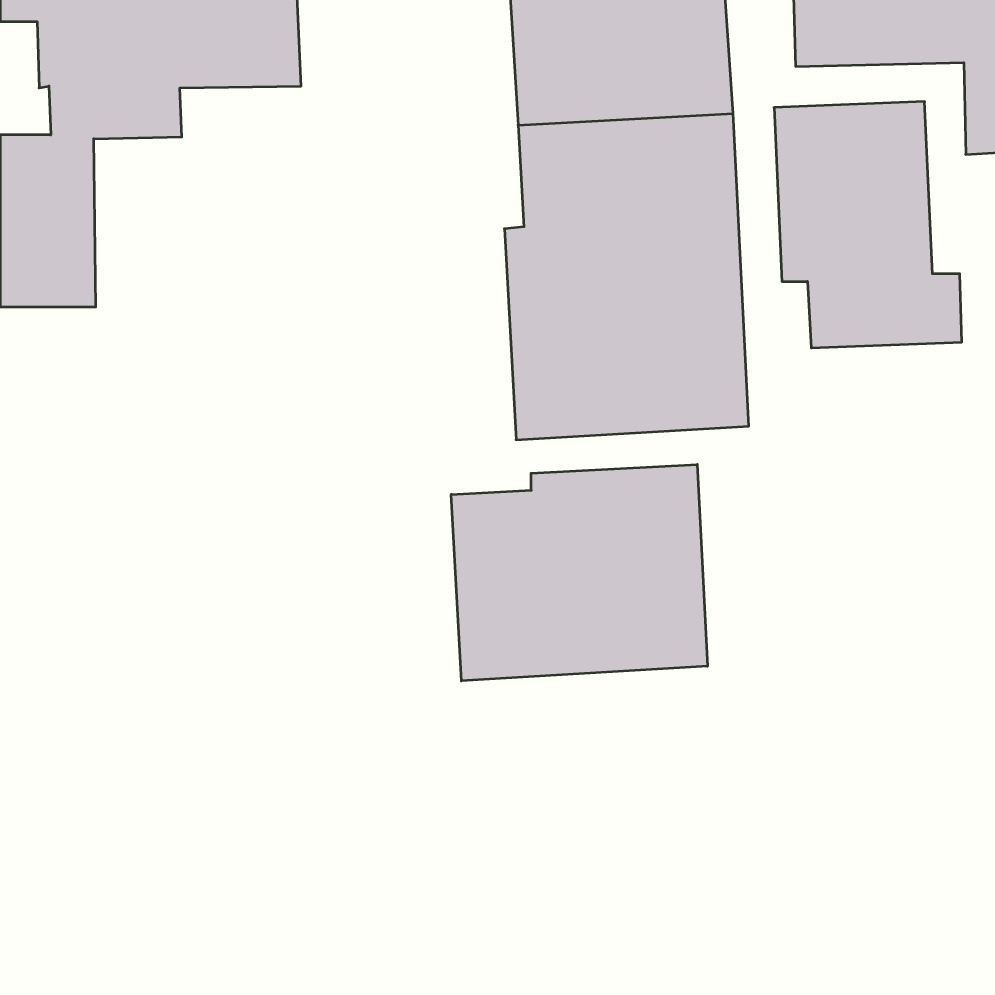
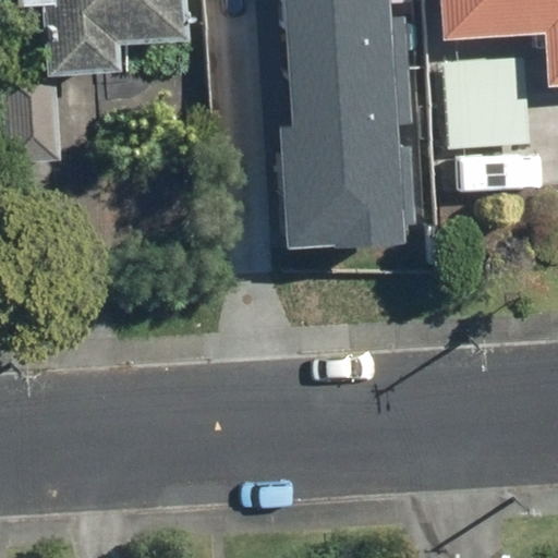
building: [451,464,707,681] -> none

